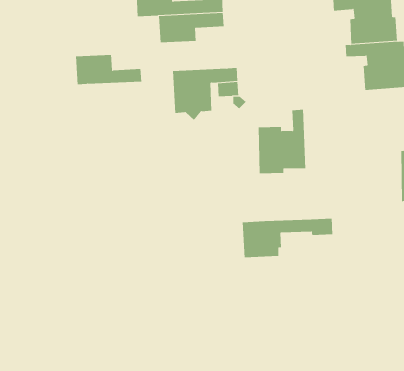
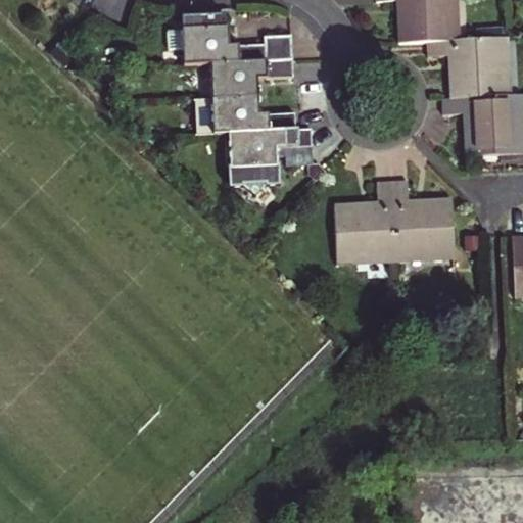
building: [75,55,142,85] -> [213,94,297,132]
building: none -> [393,179,455,256]
building: [242,218,333,258] -> none

